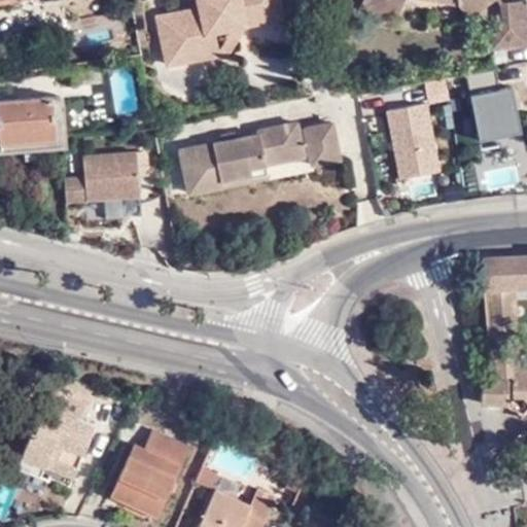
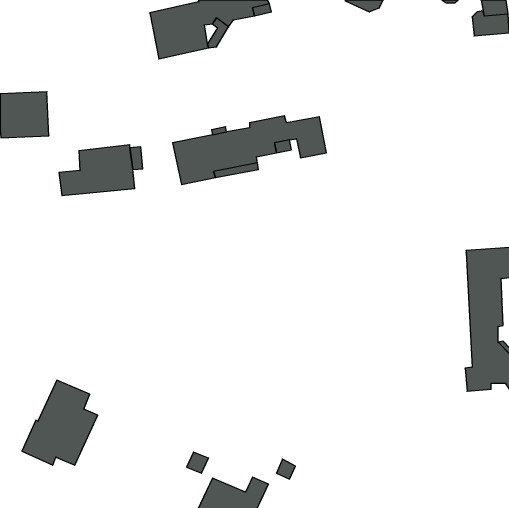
building: [469,66,520,134] -> none
building: [387,97,441,177] -> none
building: [111,430,189,518] -> none

